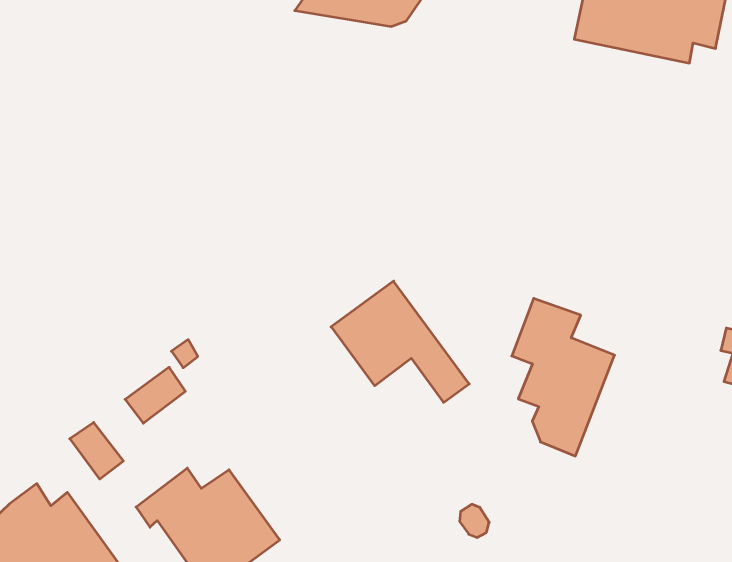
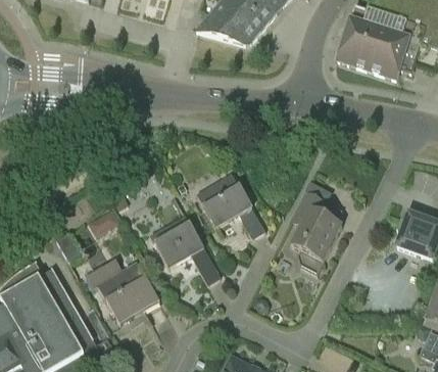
building: none -> [150,218,220,284]

